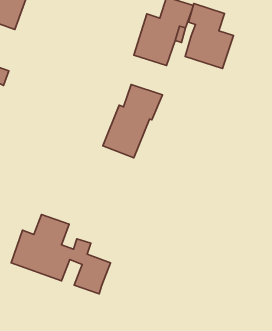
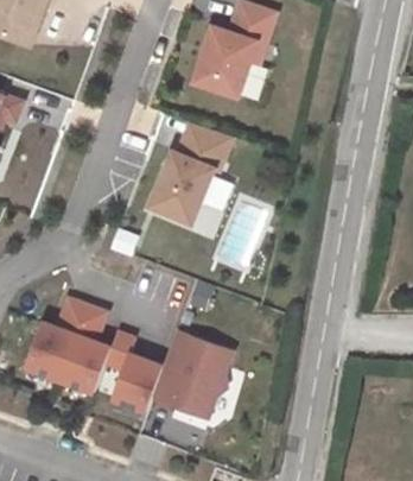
building: [185,4,234,69] -> none
building: none -> [150,331,230,419]

